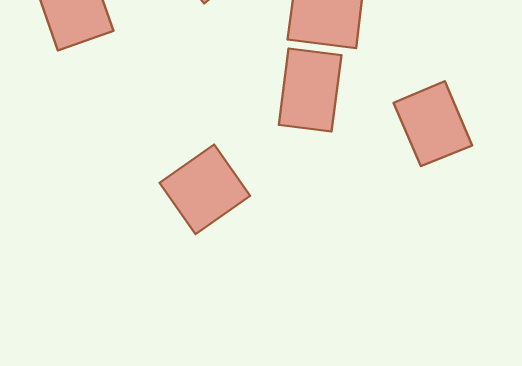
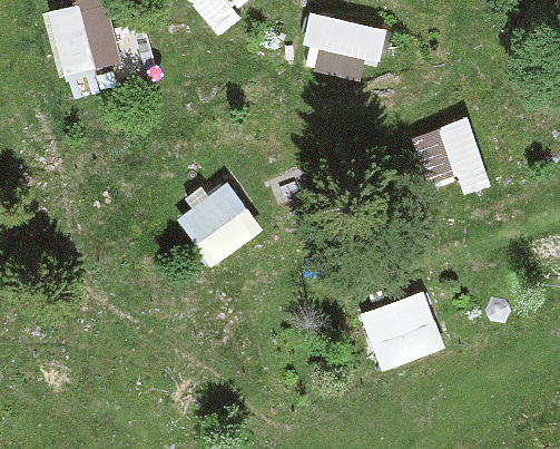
building: [279,49,341,132] -> none
building: none -> [360,289,448,373]

